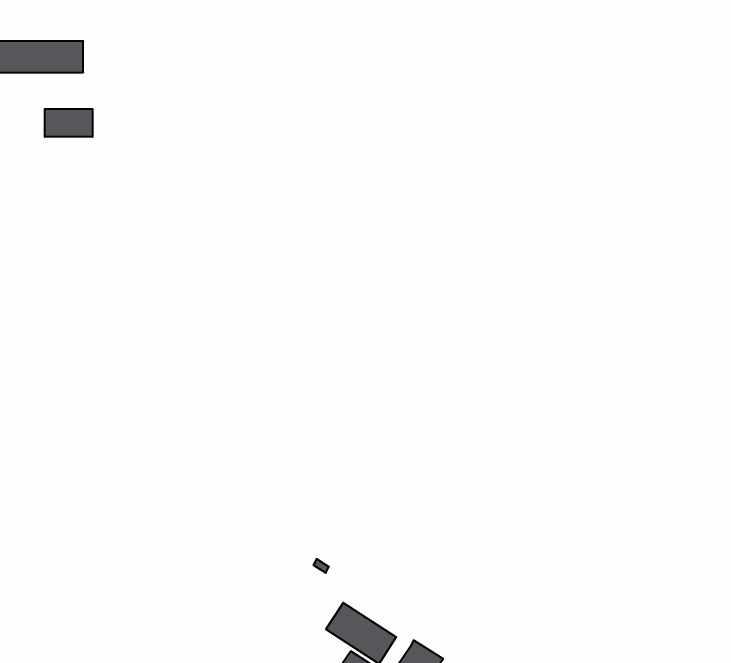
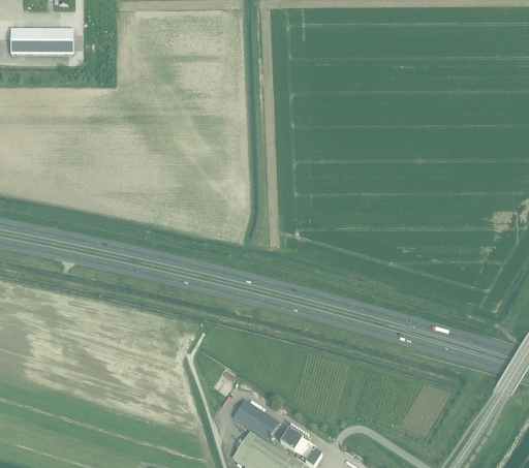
building: [45,109,93,137] -> none

